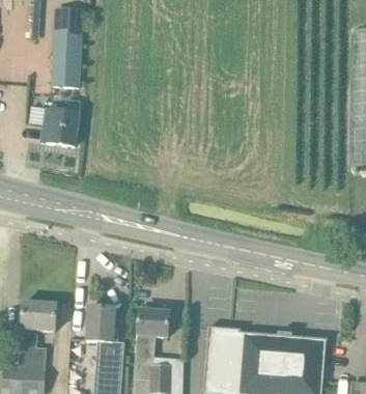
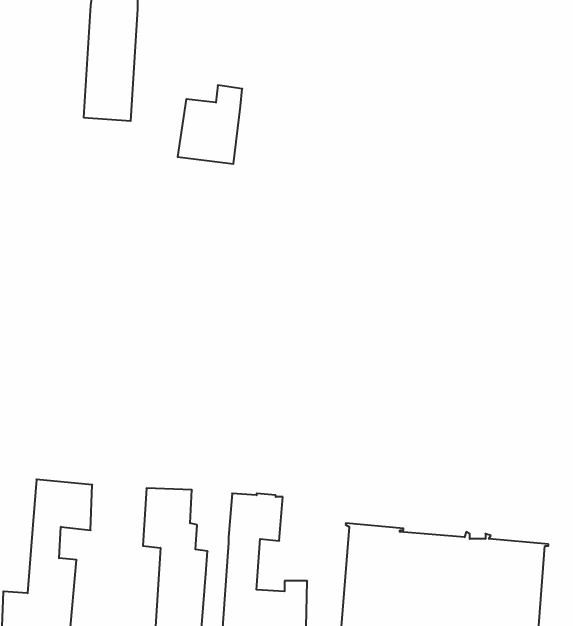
building: [41,100,80,146] -> [178,85,242,164]

